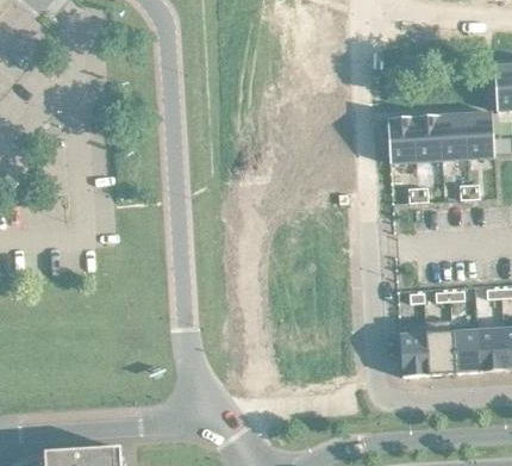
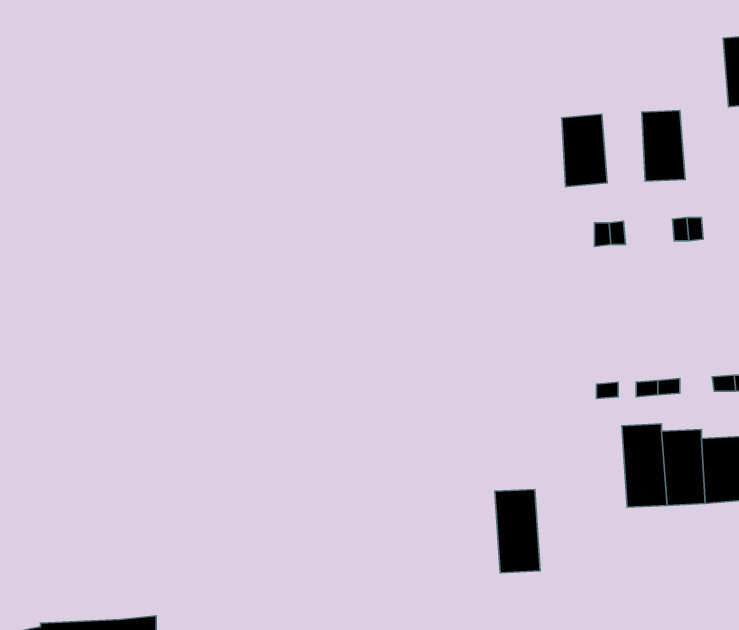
building: [462,111,492,159] -> none
building: [411,114,439,161] -> none
building: [398,321,427,375] -> [495,489,540,573]

